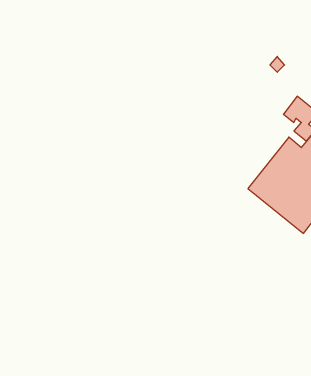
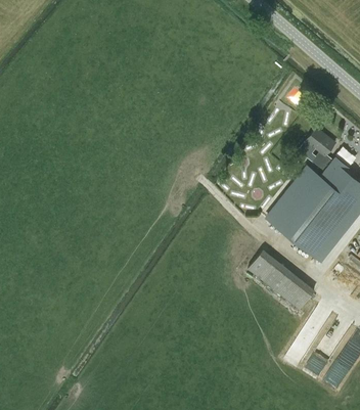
building: none -> [249,253,317,310]

